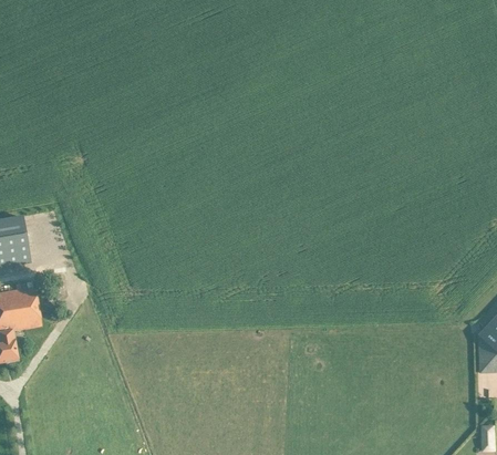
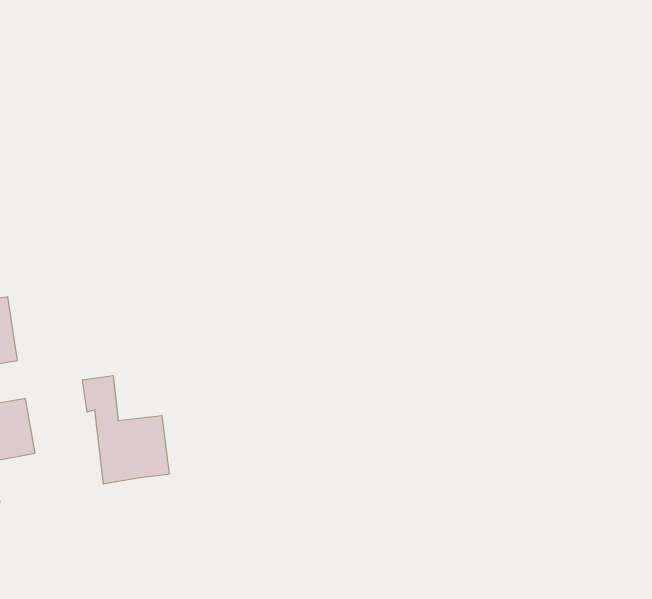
building: none -> [83,375,169,484]

